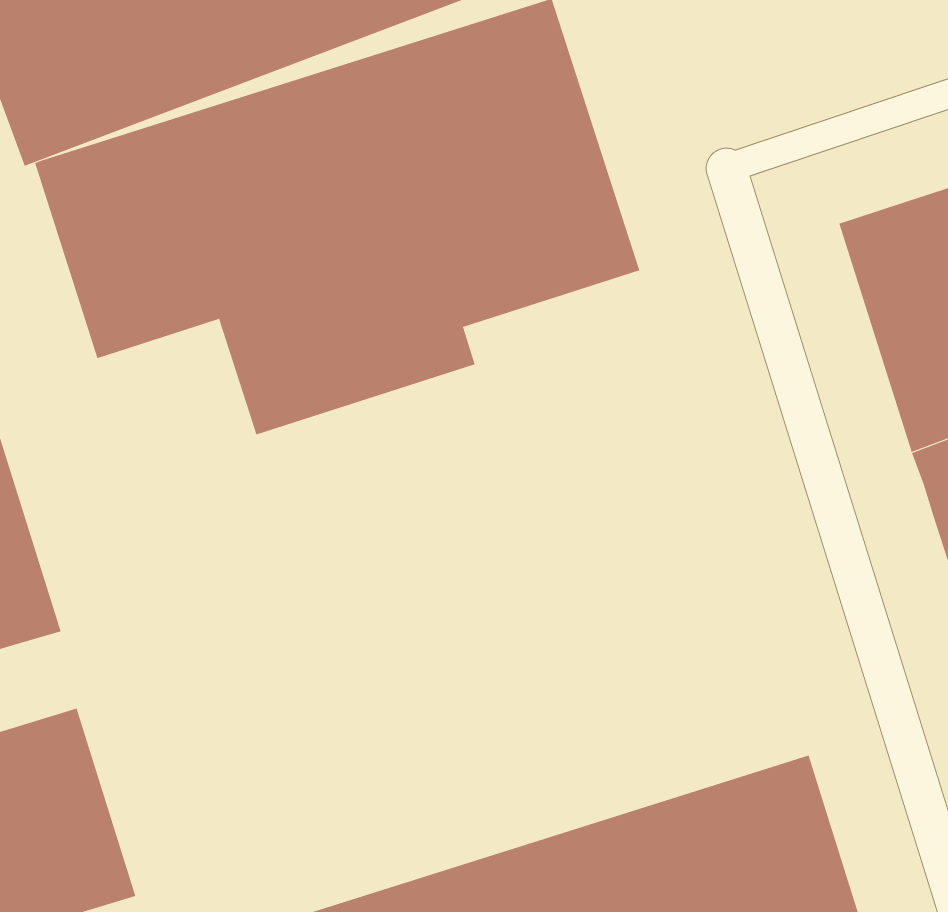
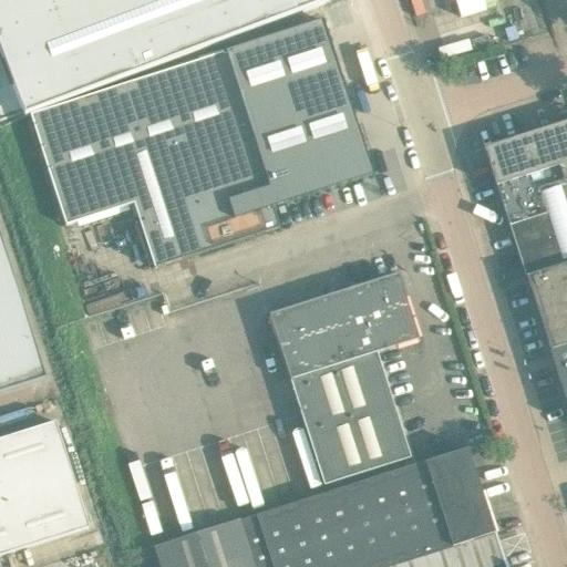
building: none -> [268,271,417,487]

